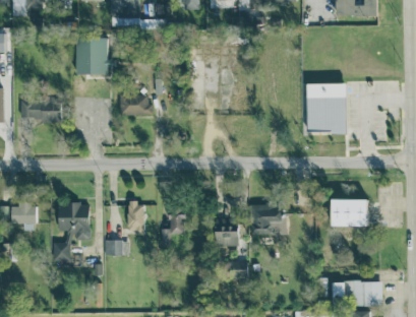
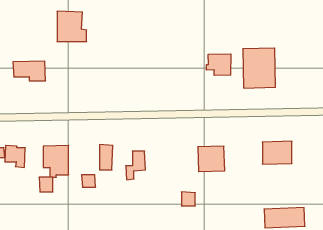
building: none -> [207,54,231,75]
building: [119,94,151,116] -> none
building: [215,218,238,247] -> none

